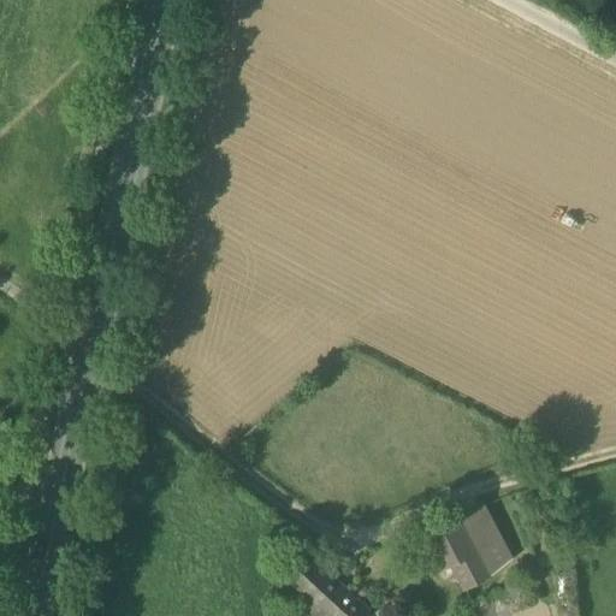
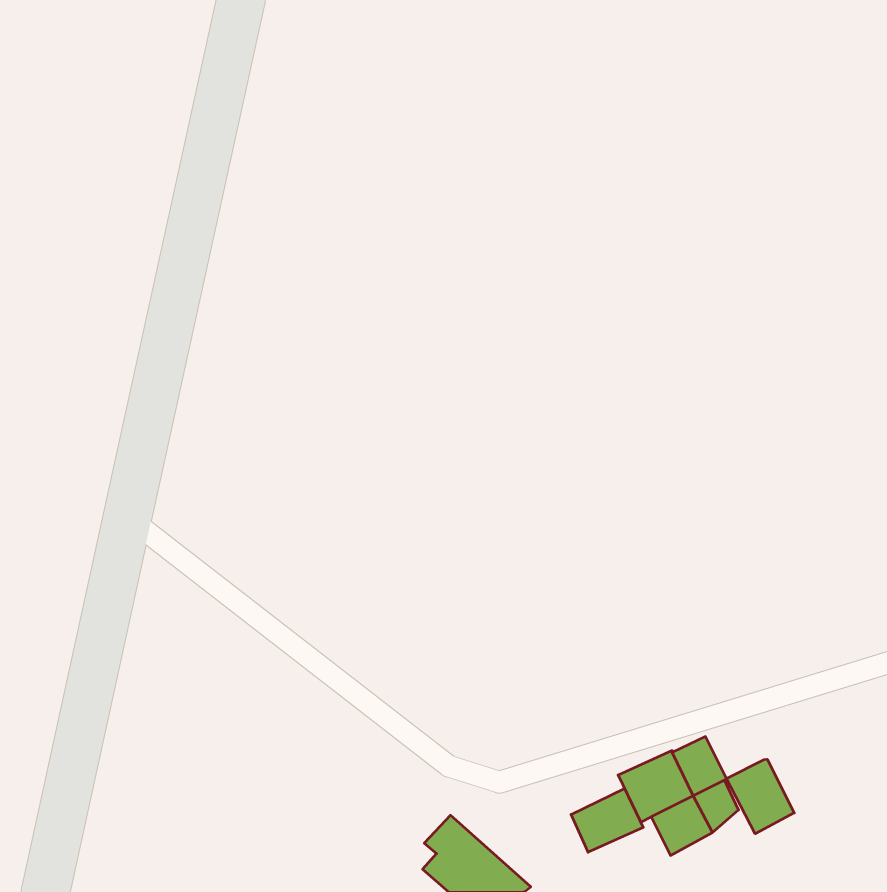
building: none -> [726,759,794,834]
building: none -> [571,789,643,852]

